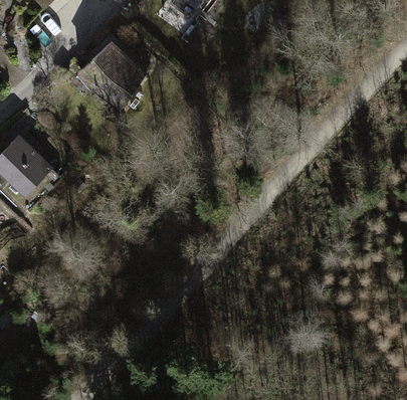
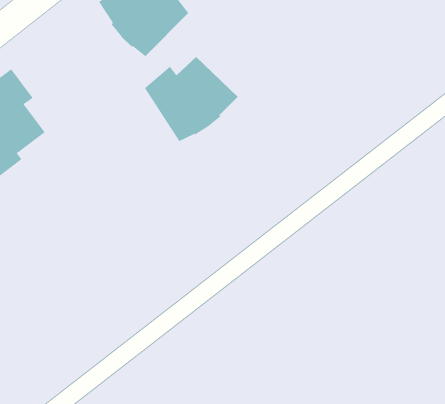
building: none -> [144,56,239,142]

